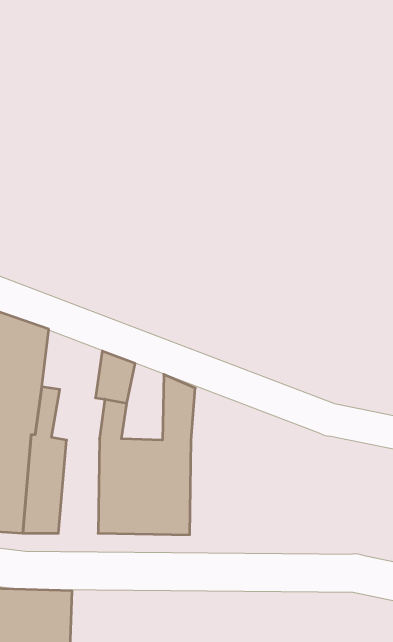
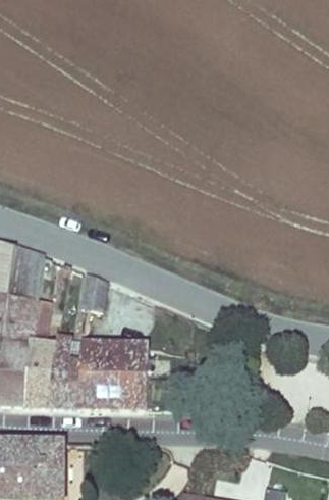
building: none -> [50,328,80,404]

